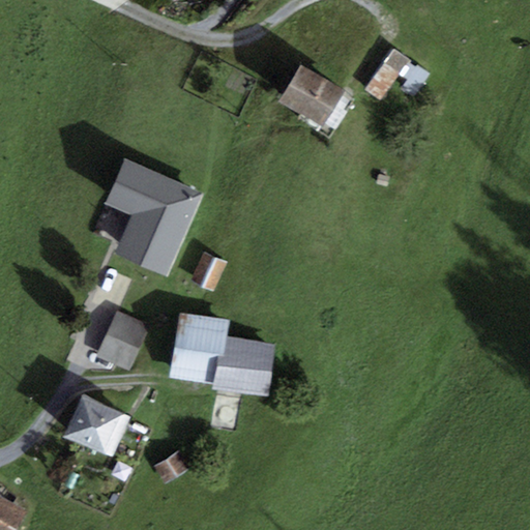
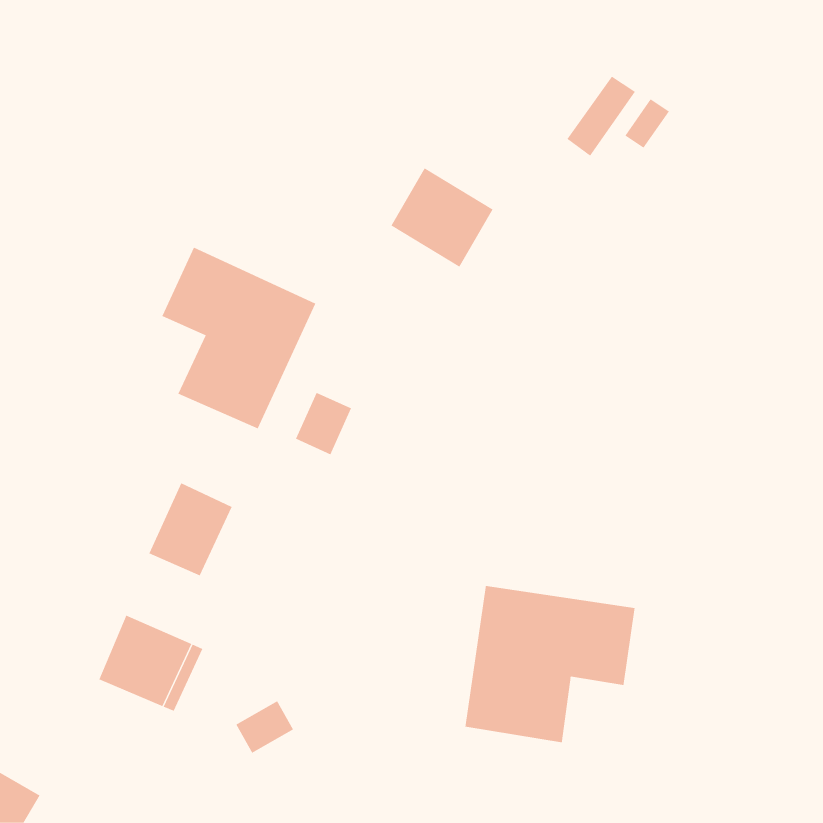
building: [277,63,344,127] -> [390,167,494,268]
building: [168,312,276,398] -> none
building: none -> [465,585,635,743]

